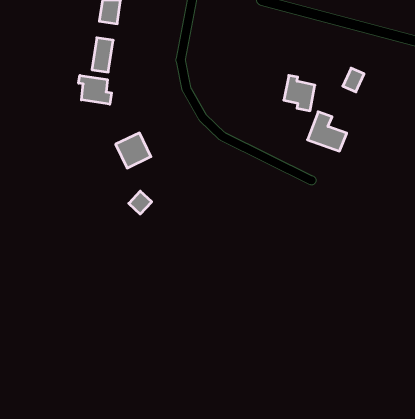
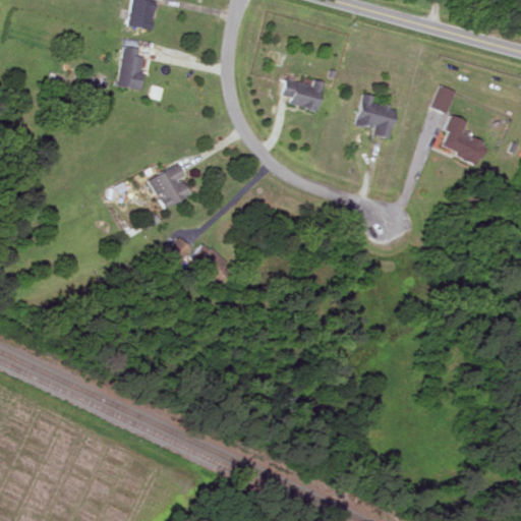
building: none -> [281,79,325,110]
building: [79,75,112,104] -> none
building: [307,112,347,151] -> [438,115,486,164]

